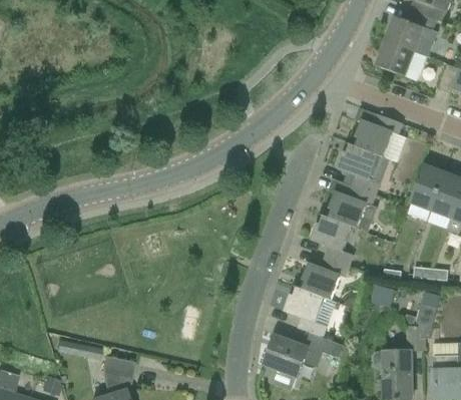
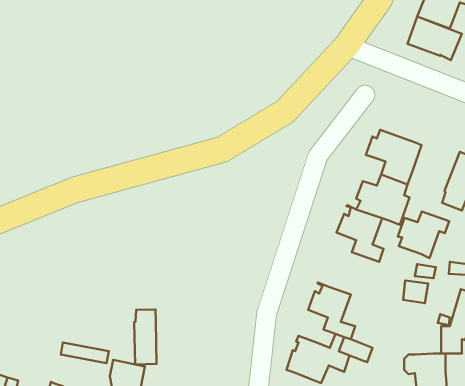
building: [347,113,403,156] -> none
building: [303,257,350,300] -> [398,211,449,258]
building: none -> [134,310,157,364]

